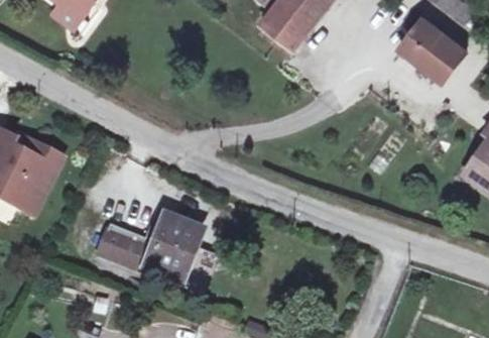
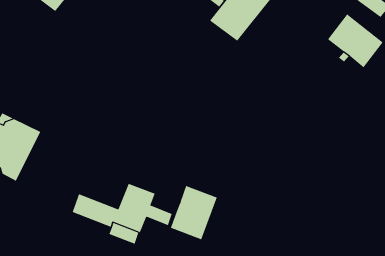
building: none -> [170,185,217,240]

